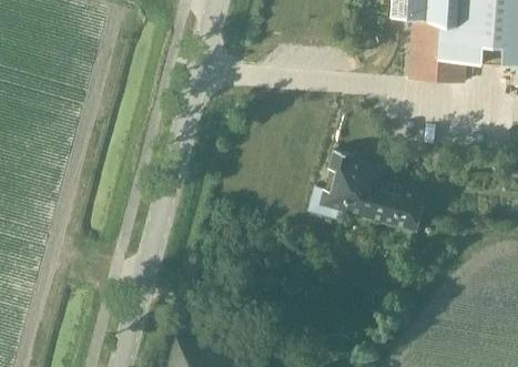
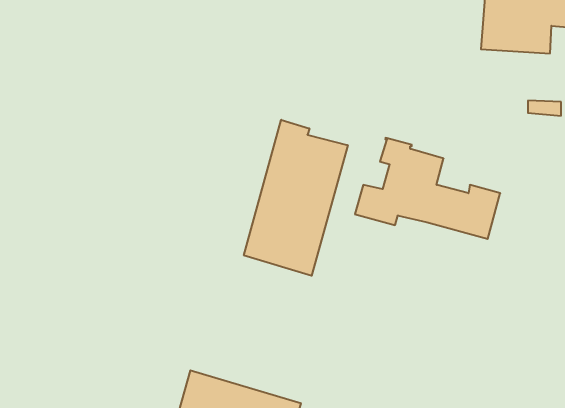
building: none -> [244,120,348,276]

